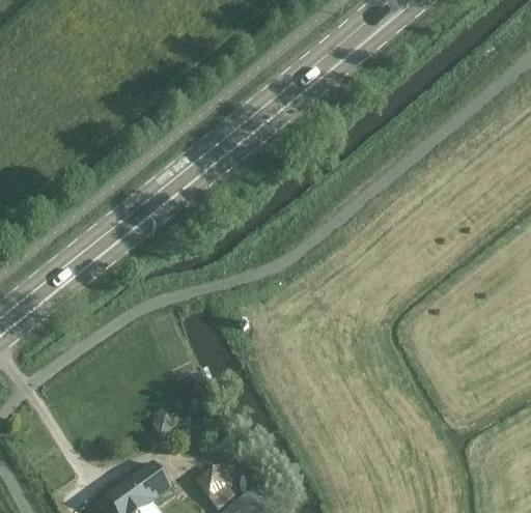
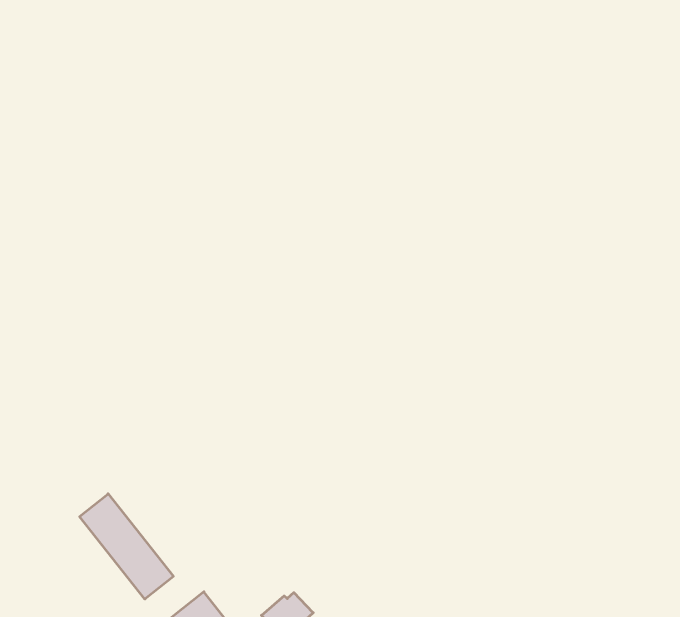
building: none -> [80,494,173,599]

